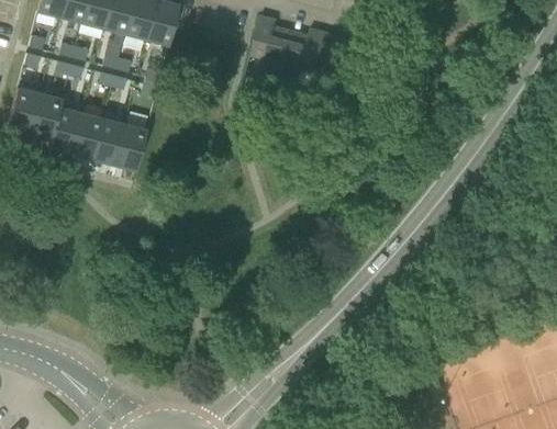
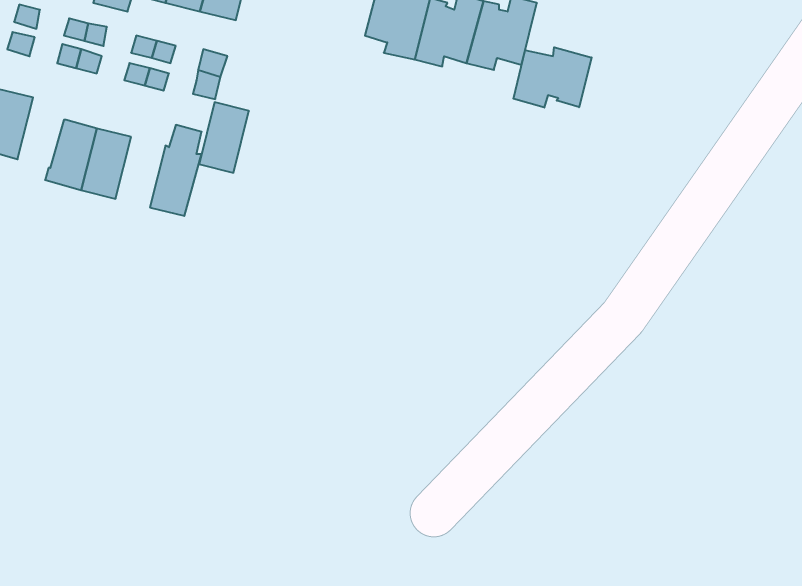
building: none -> [513,47,592,108]
building: [29,93,62,138] -> none
building: [91,118,123,163] -> [199,102,249,173]

